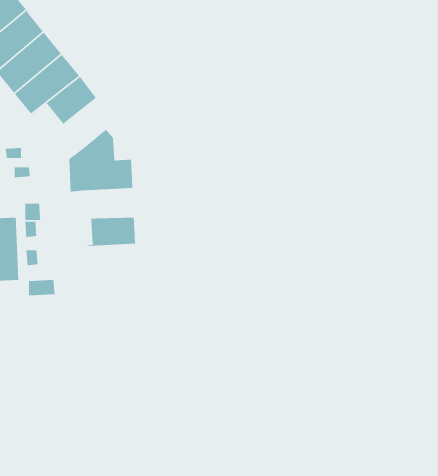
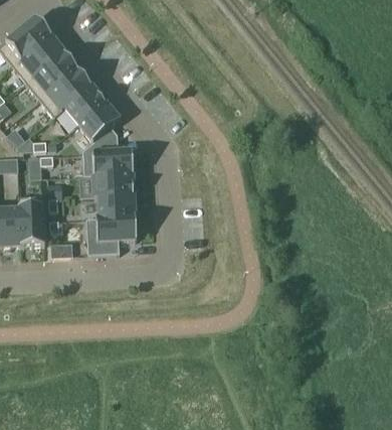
building: none -> [78,101,120,140]
building: none -> [93,171,134,194]
building: none -> [85,214,137,253]

